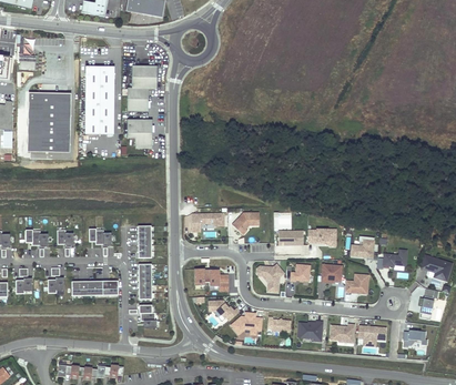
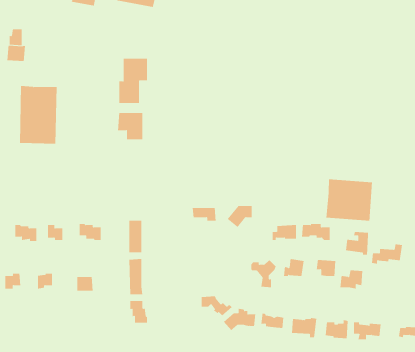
building: [79,65,114,134] -> none
building: none -> [326,179,373,221]
building: [194,267,227,290] -> none

